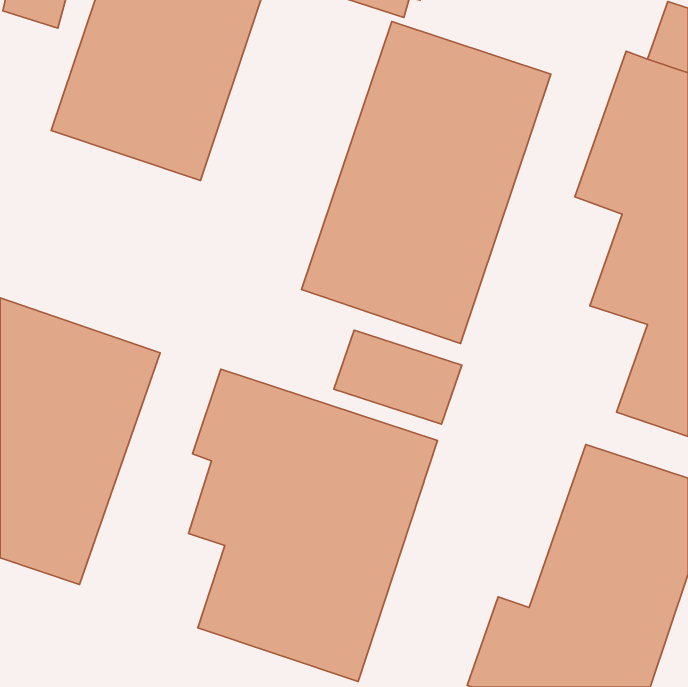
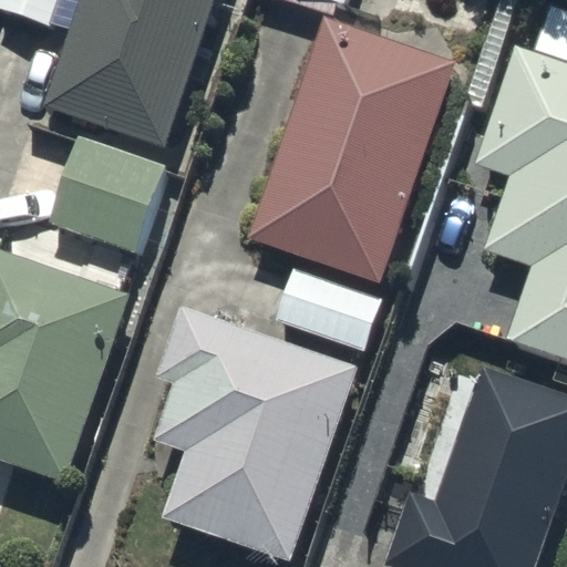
building: none -> [50,142,166,257]

